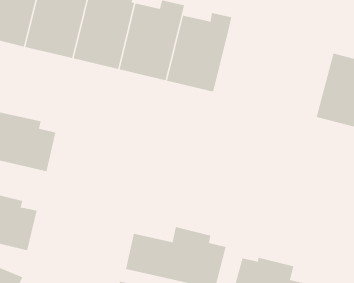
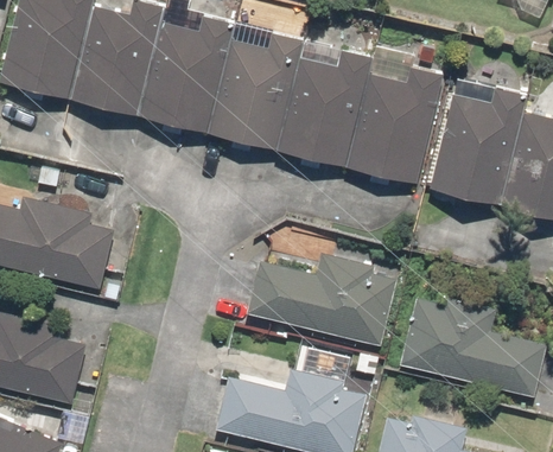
building: none -> [345,68,443,185]
building: none -> [426,85,526,205]
building: none -> [247,254,401,346]
building: none -> [399,293,545,394]

